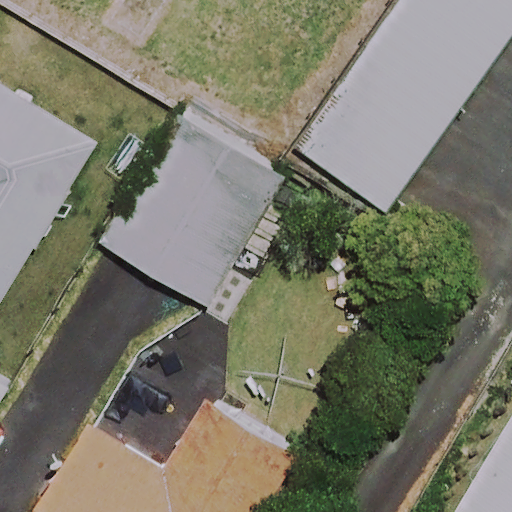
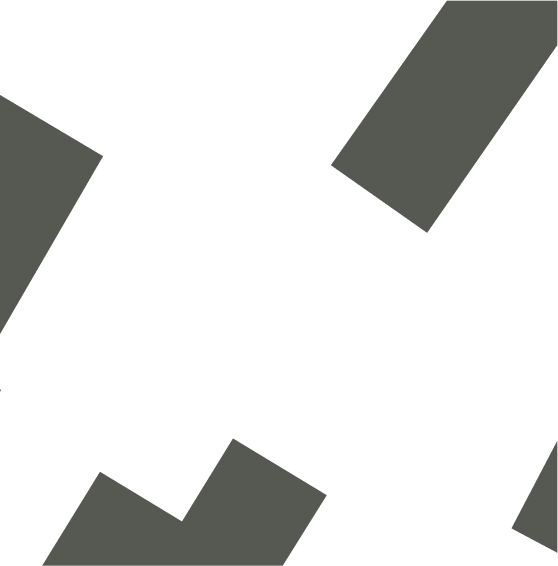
building: [106,118,284,305] -> none

